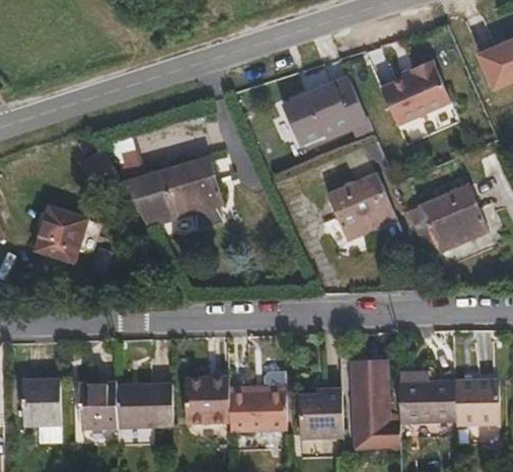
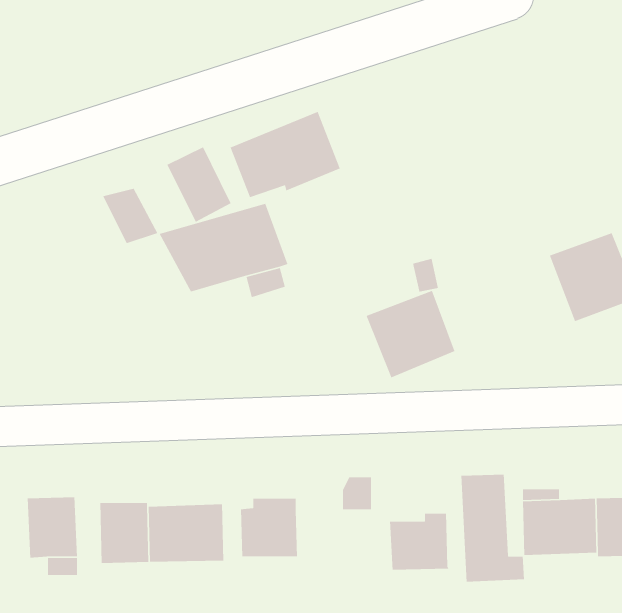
building: [379,62,452,129] -> none
building: [285,71,369,137] -> [229,111,341,198]
building: none -> [166,146,232,223]
building: [328,170,396,237] -> [365,290,455,378]
building: [35,209,93,268] -> none
building: [227,388,286,432] -> none

